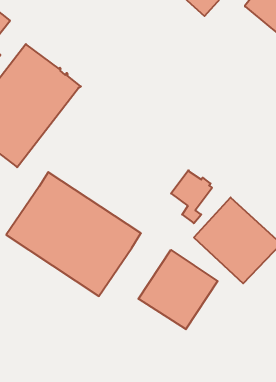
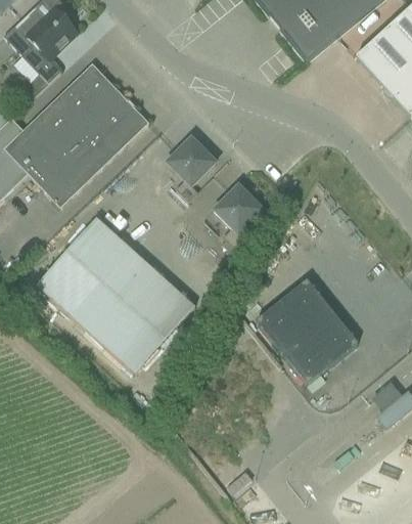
building: none -> [167,138,215,202]
building: [171,170,212,223] -> [214,185,263,249]
building: [138,250,218,329] -> none

